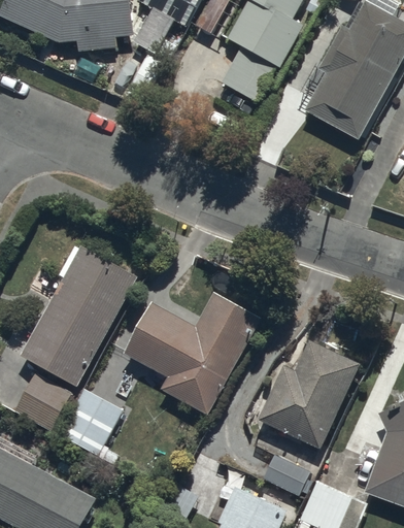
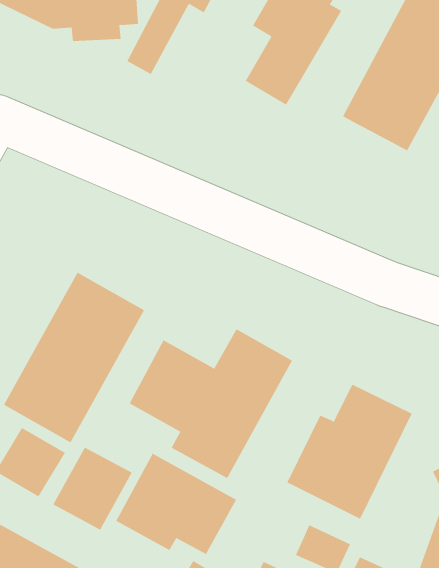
building: none -> [115,453,237,555]

